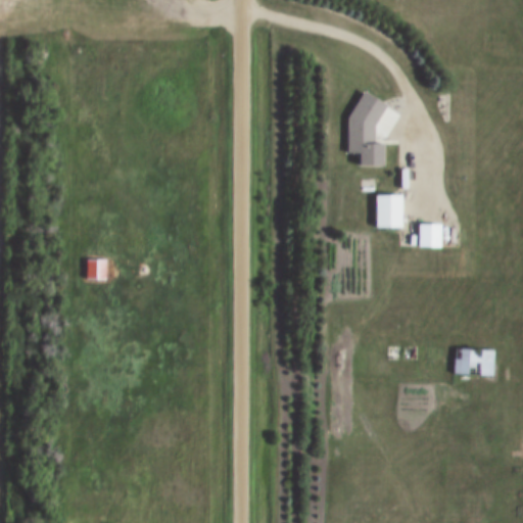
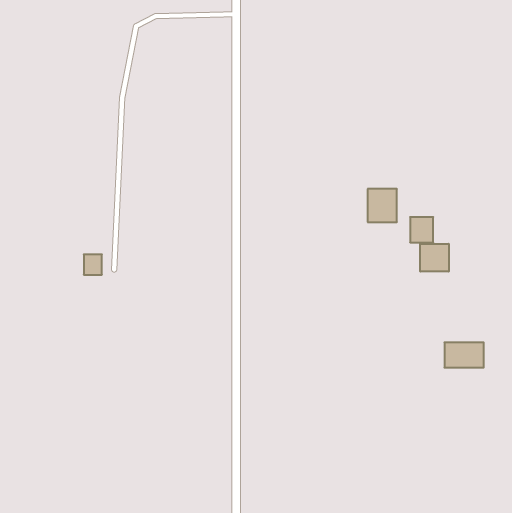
building: [348,90,387,167] -> none
building: none -> [420,244,449,272]

